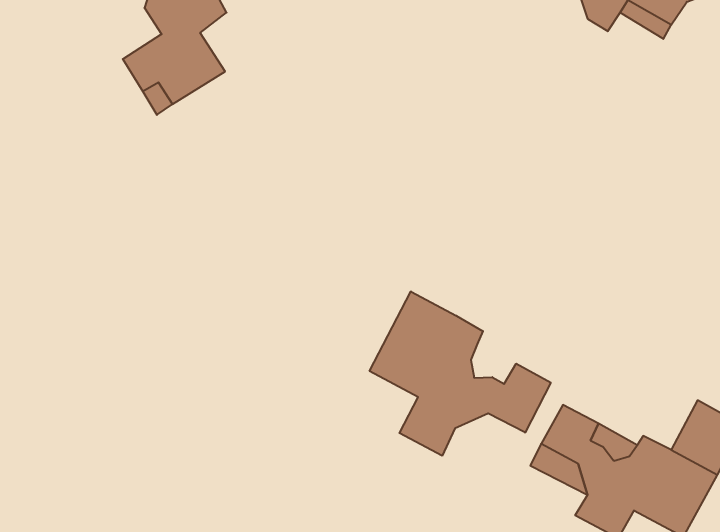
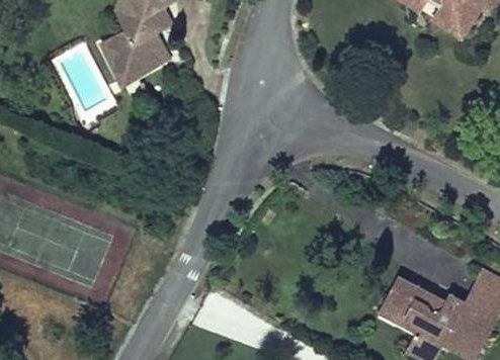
building: [370,291,551,456] -> none

